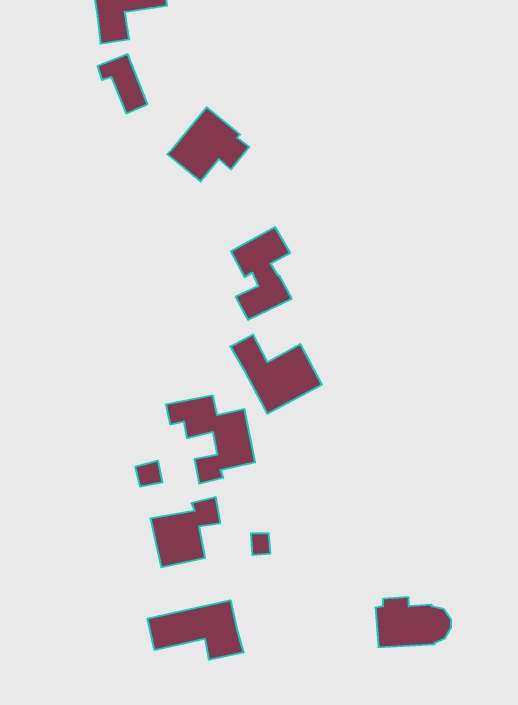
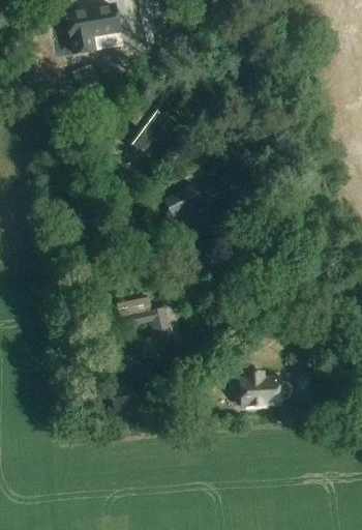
building: [230,335,322,414] -> none
building: [375,597,451,647] -> [241,372,293,406]
building: [148,600,244,660] -> none

